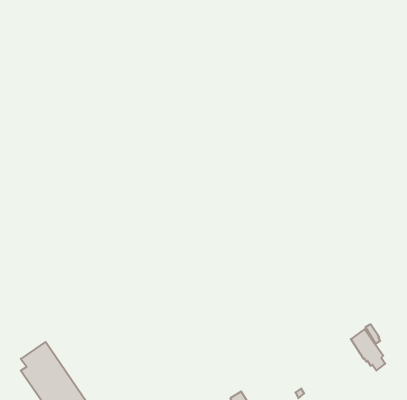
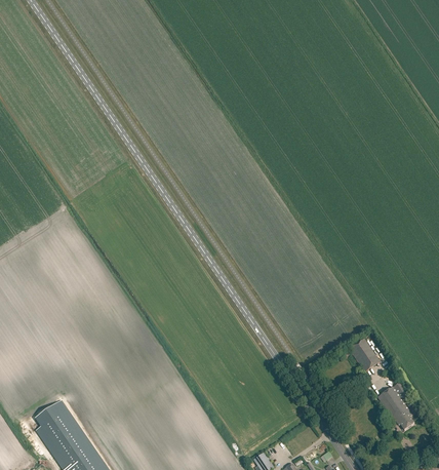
building: none -> [350,340,381,373]

